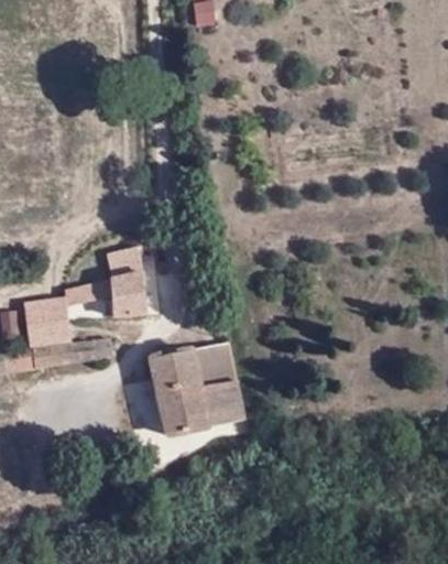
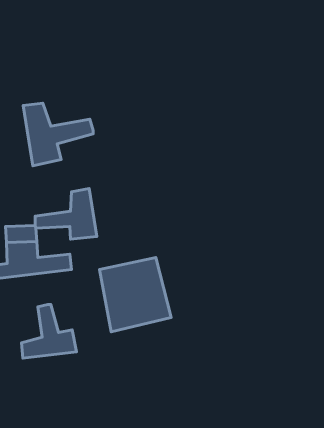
building: none -> [23,103,93,166]
building: none -> [21,304,77,358]

